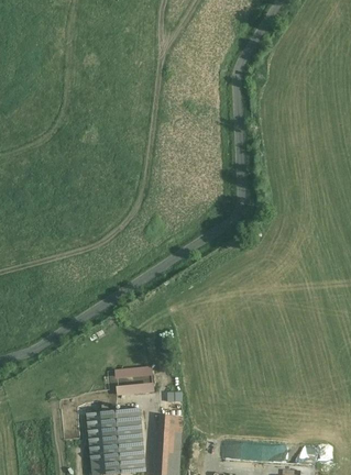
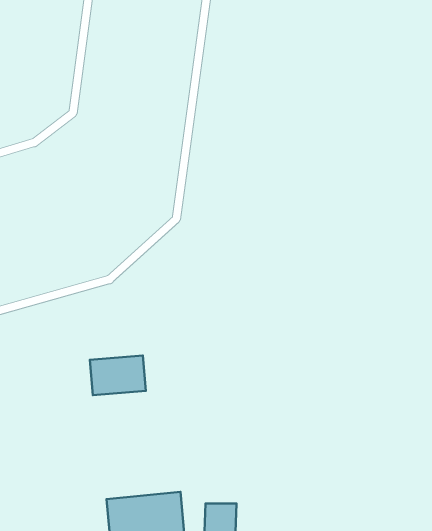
building: [113,366,155,396] -> [90,356,146,395]

